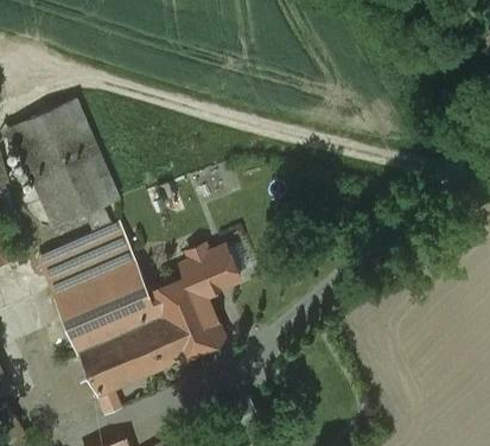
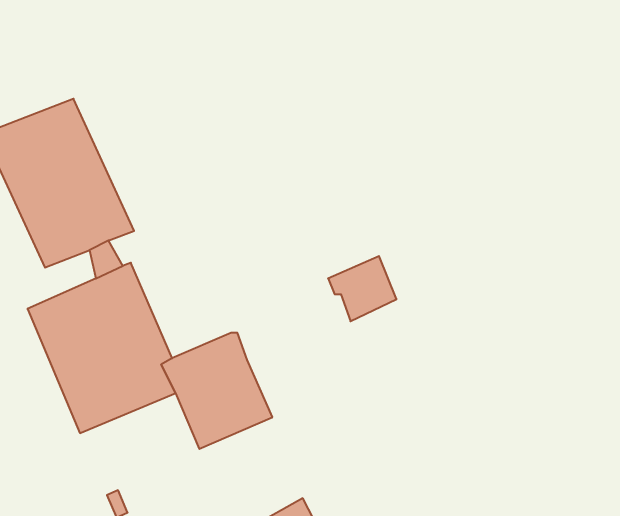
building: [187,247,238,295] -> [328,256,397,321]
building: [79,320,168,393] -> none

